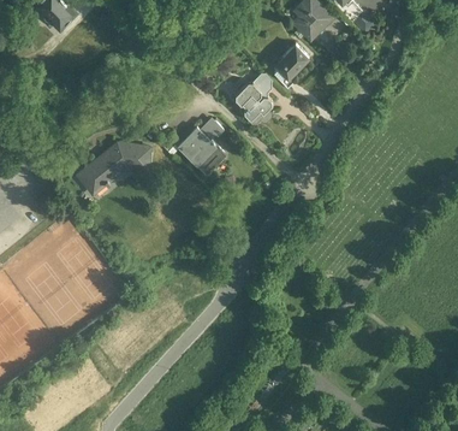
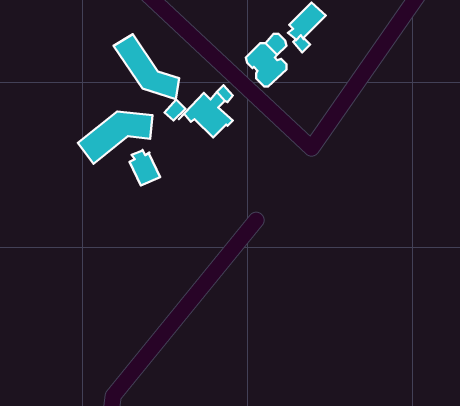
building: none -> [113,34,179,99]
building: none -> [129,150,160,185]

